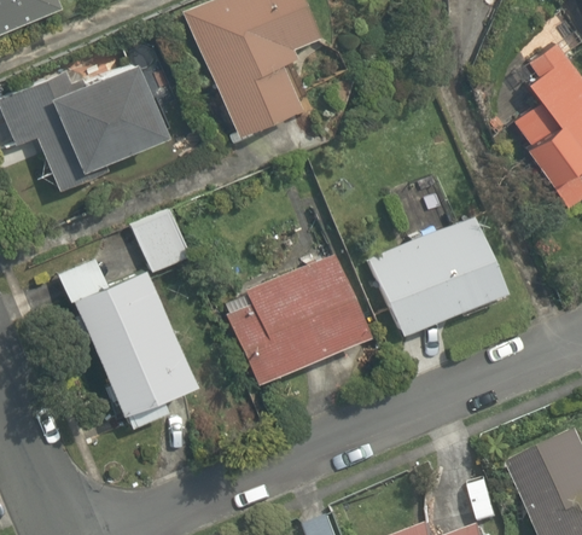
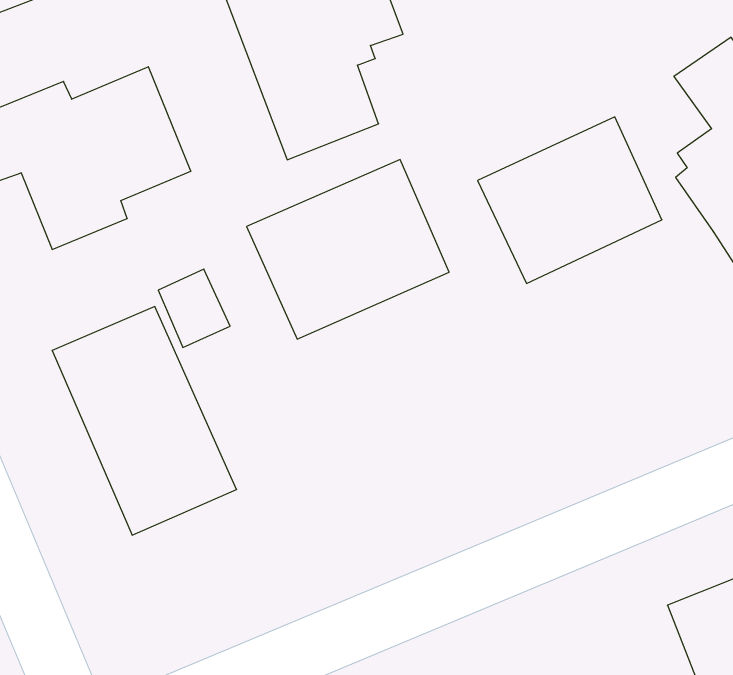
building: [369,214,506,337] -> [478,117,662,283]
building: [220,251,369,384] -> [247,160,449,339]

